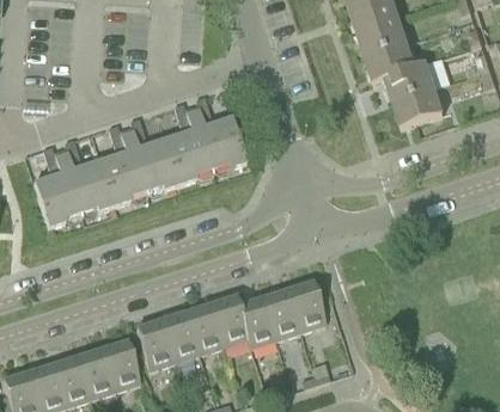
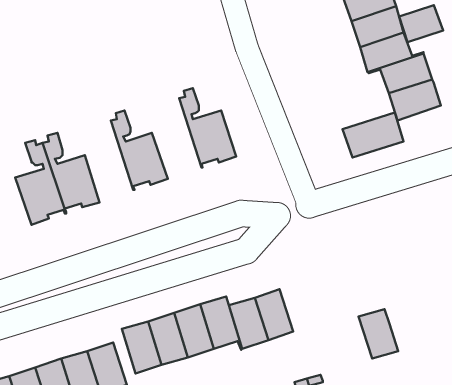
building: none -> [399,5,443,42]
building: [164,102,212,182] -> none
building: none -> [343,113,404,157]
building: [99,123,146,204] -> none
building: [287,281,325,328] -> [359,309,398,359]

